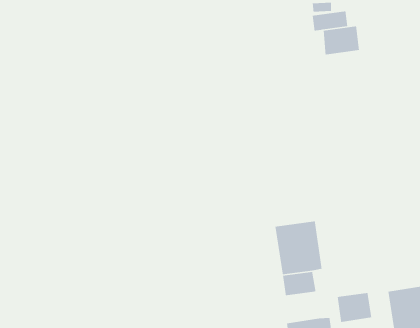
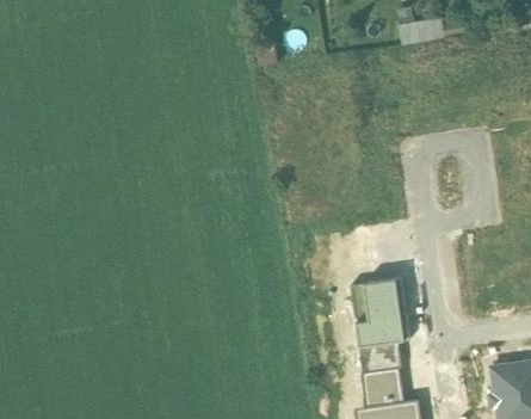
building: [323,26,360,56] -> none
building: [337,292,372,323] -> [359,368,403,406]

